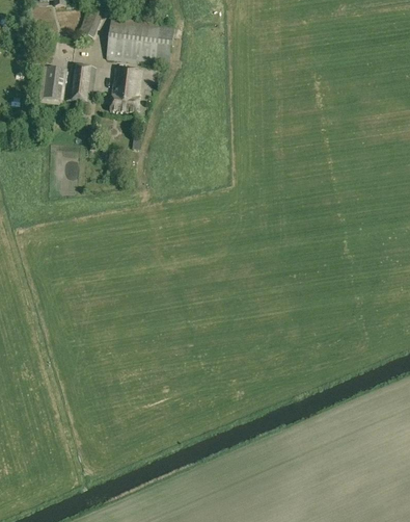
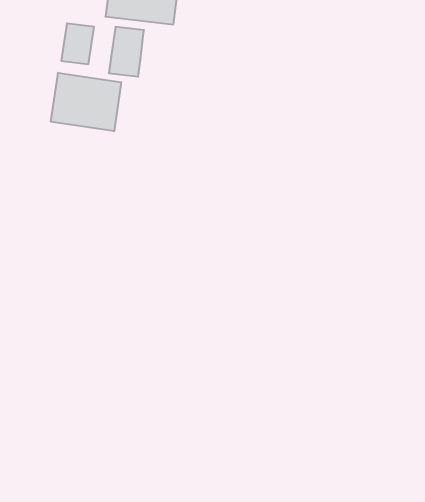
building: [44,64,64,97] -> none
building: none -> [51,73,121,131]

